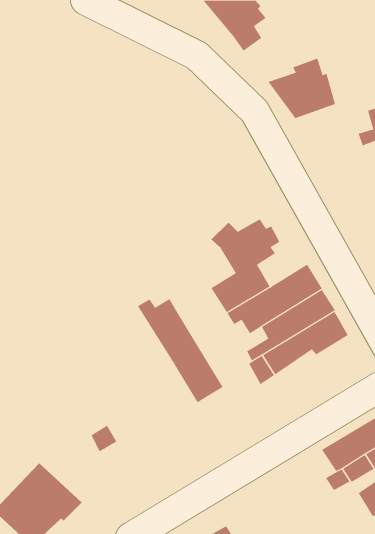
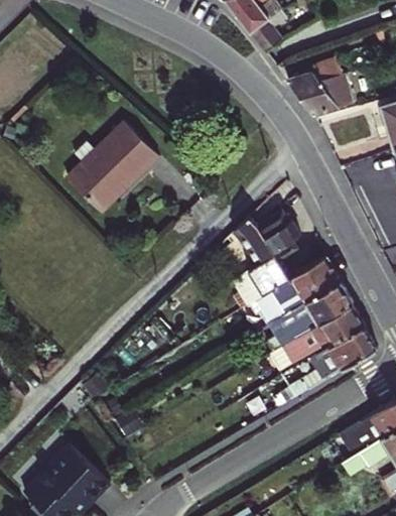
building: none -> [70,125,159,215]
building: [137,298,224,403] -> none
building: none -> [289,325,376,396]

